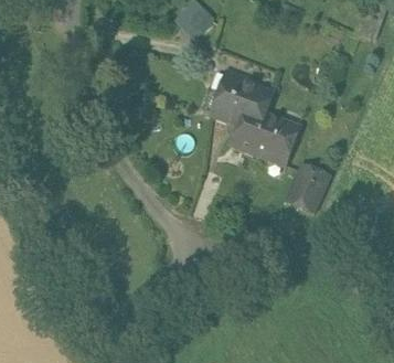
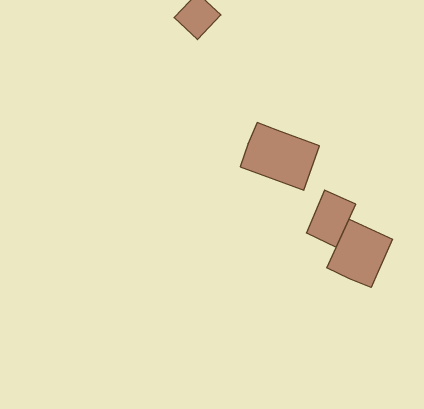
building: [210,76,270,125] -> none
building: none -> [327,219,392,287]

